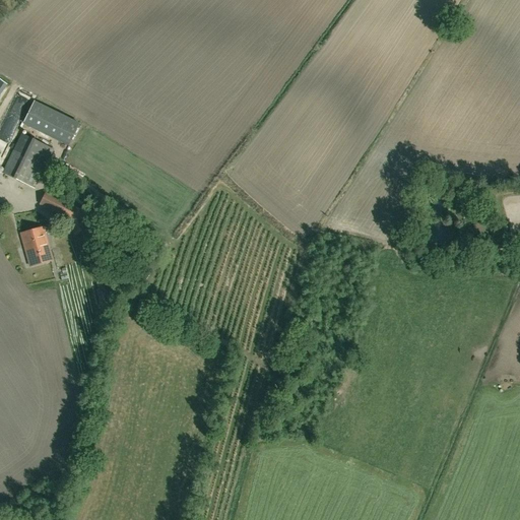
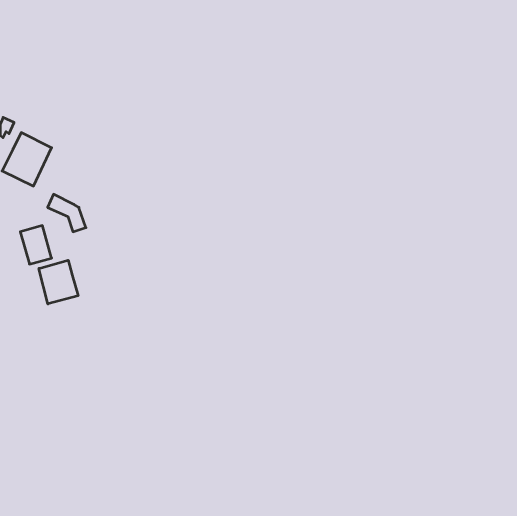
building: [18,99,76,142] -> none
building: none -> [39,260,78,304]

